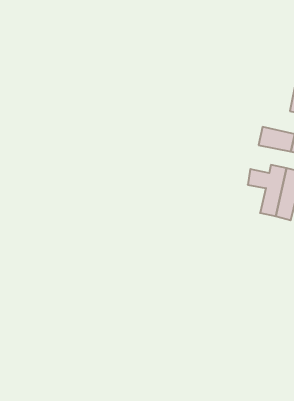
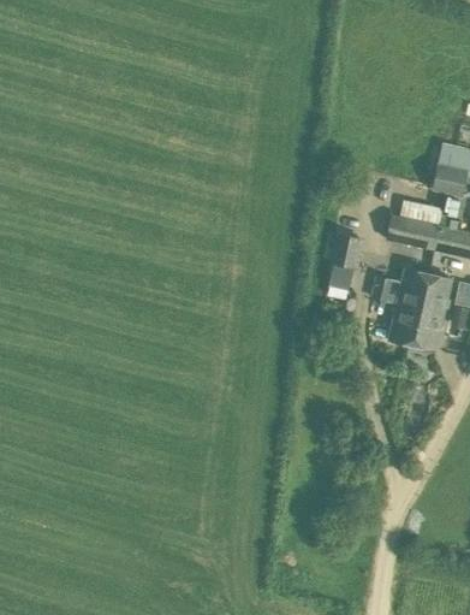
building: none -> [329,230,363,286]

